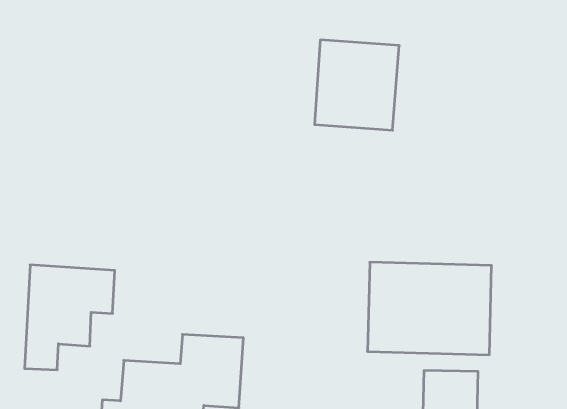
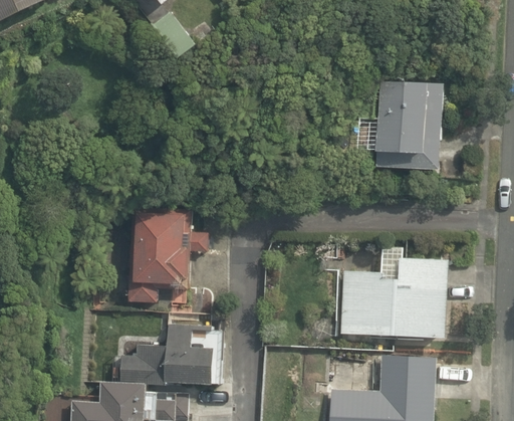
building: [315,40,399,130] -> [367,79,443,160]
building: [25,265,115,370] -> [127,212,208,305]

